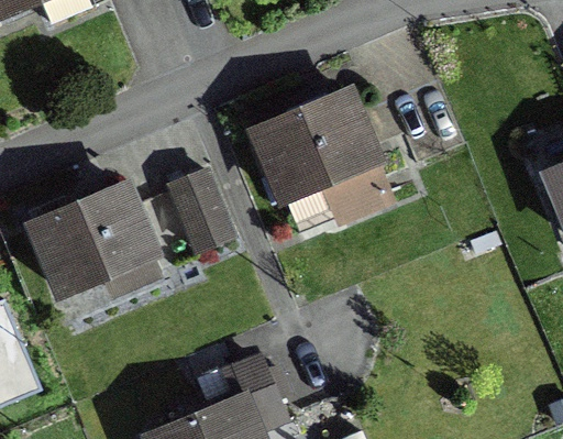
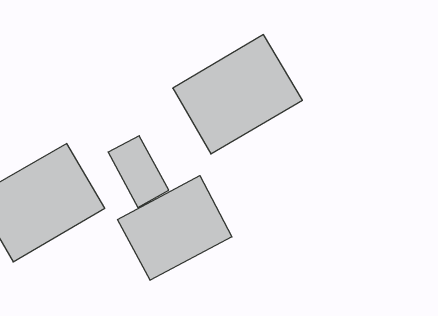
building: none -> [118,176,232,280]

